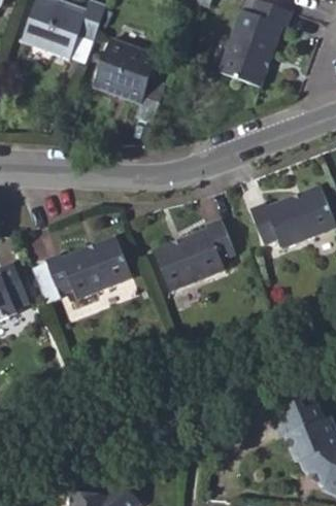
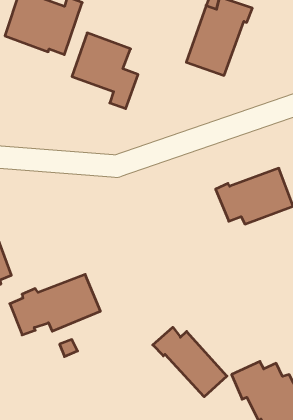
building: [153,218,234,291] -> none
building: [32,237,131,303] -> [10,274,100,335]
building: none -> [153,327,227,397]

